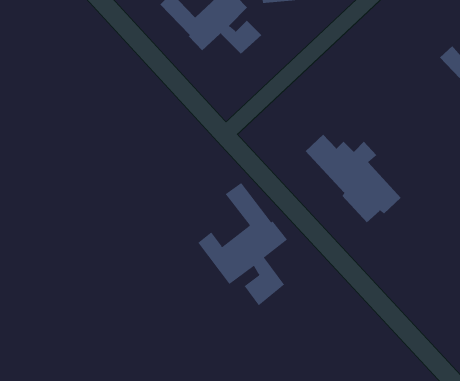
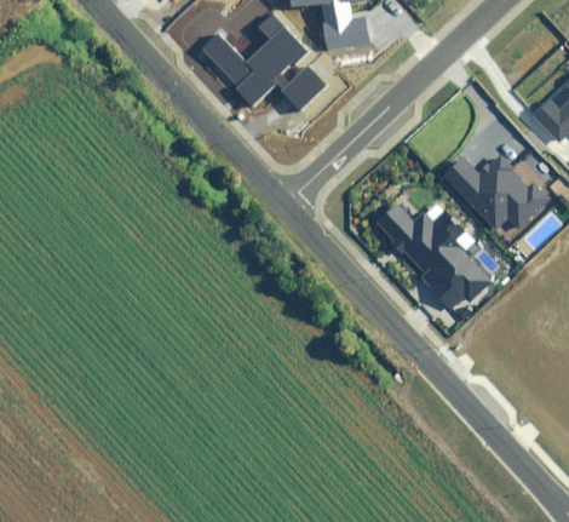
building: none -> [444,156,548,230]
building: [197,182,288,306] -> none

